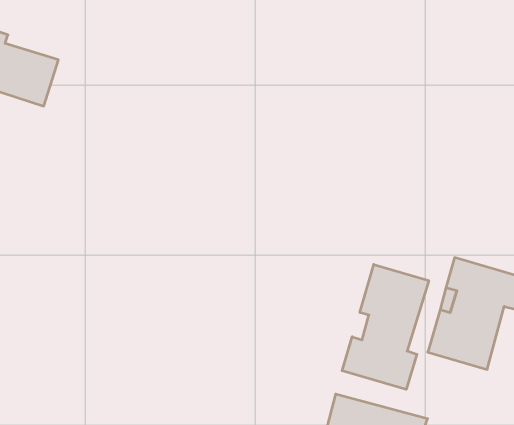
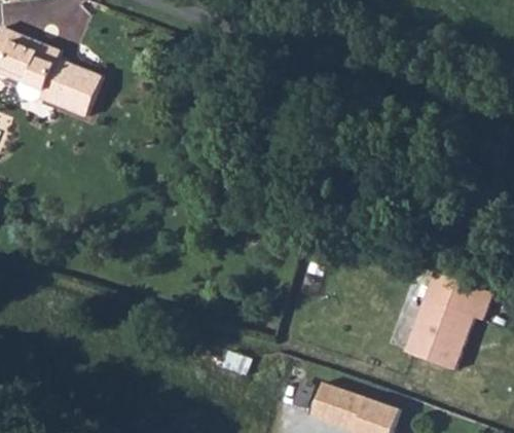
building: [342,264,429,389] -> none

